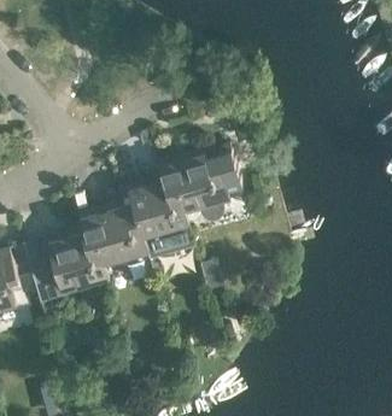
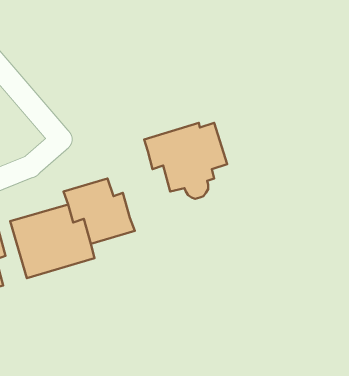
building: [118,175,191,242] -> none

